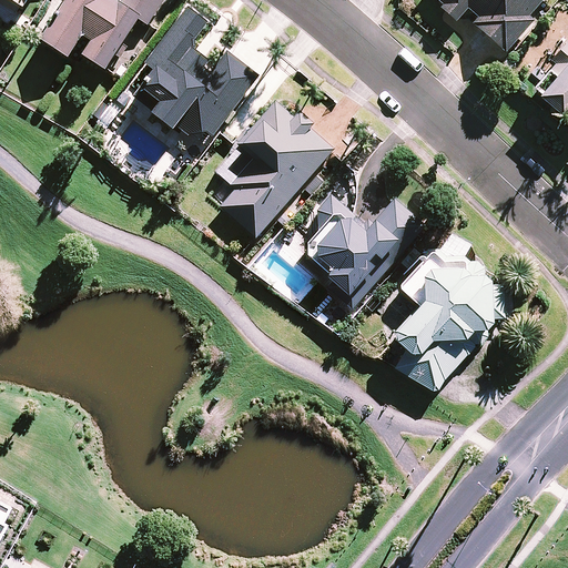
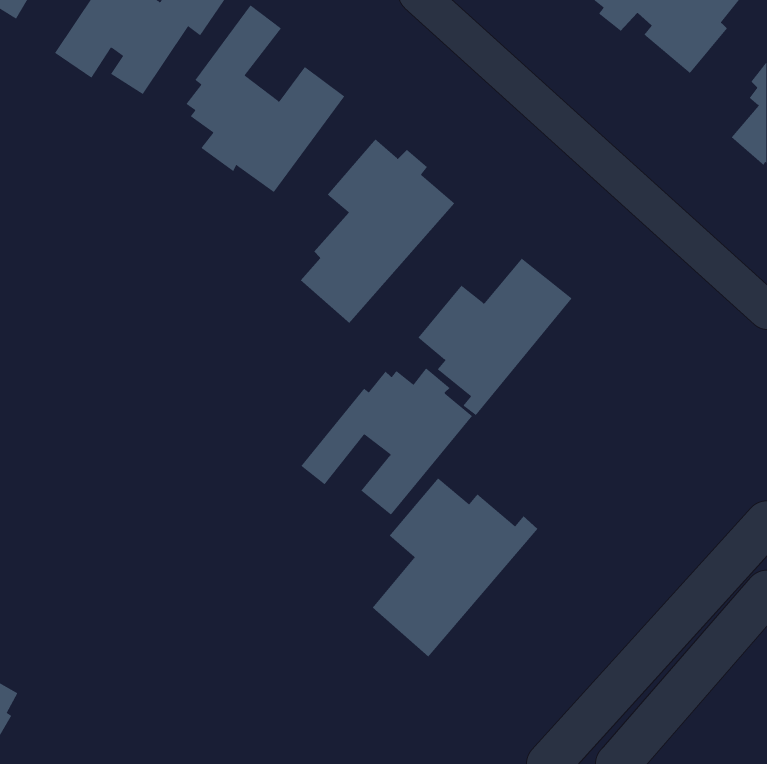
building: [388,247,500,388] -> none
building: none -> [300,367,473,516]
building: none -> [372,477,538,658]

